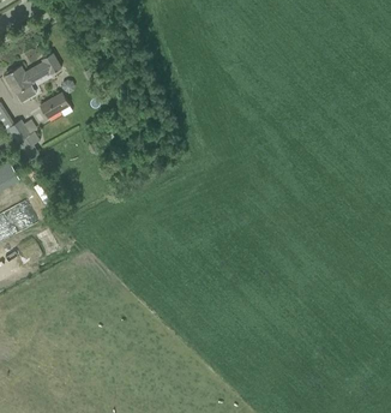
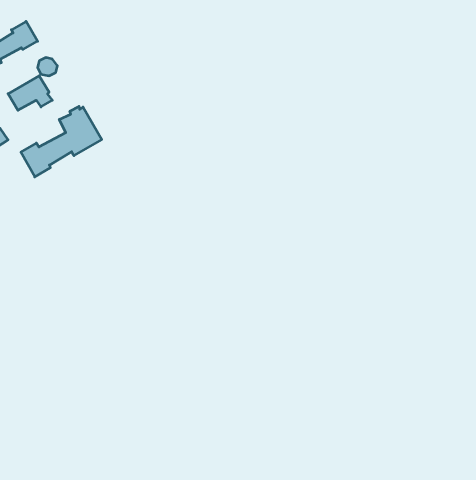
building: none -> [21,106,102,177]

